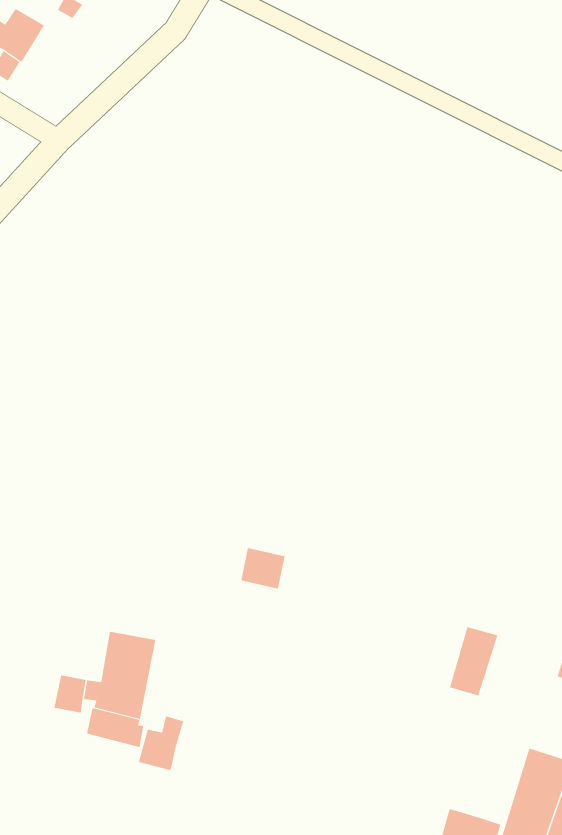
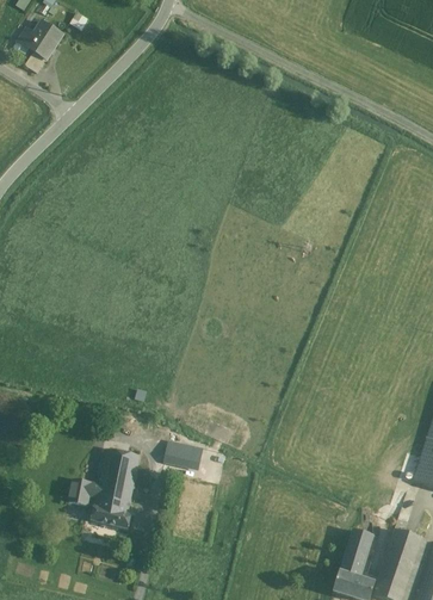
building: [240,548,286,589] -> [161,437,192,465]
building: [449,626,498,696] -> [340,528,373,576]
building: [138,716,184,771] -> none

